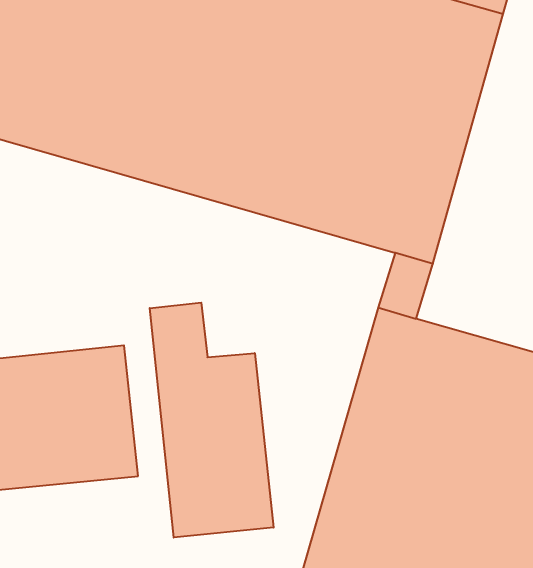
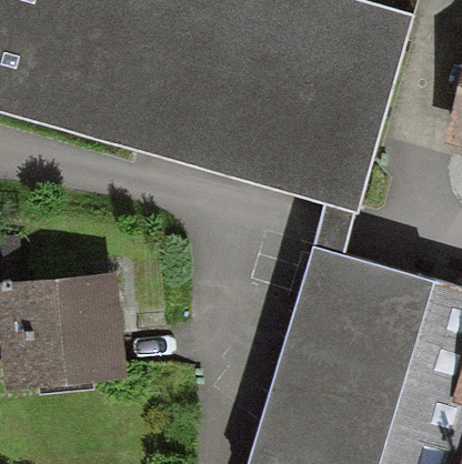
building: [150,303,274,538] -> none

